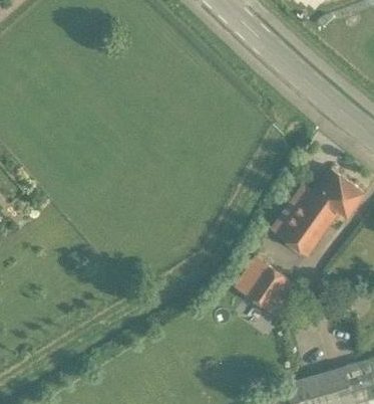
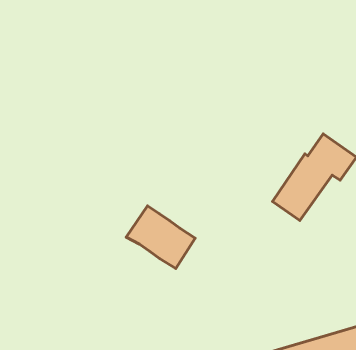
building: [235,257,303,320] -> [126,206,195,268]

